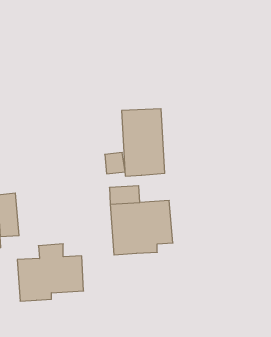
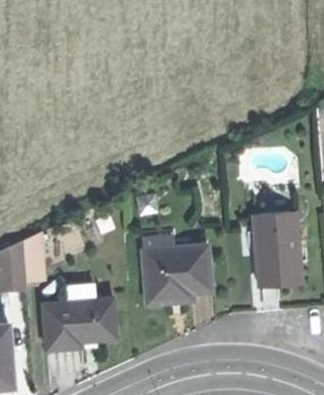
building: [122,109,165,176] -> [255,212,303,286]

